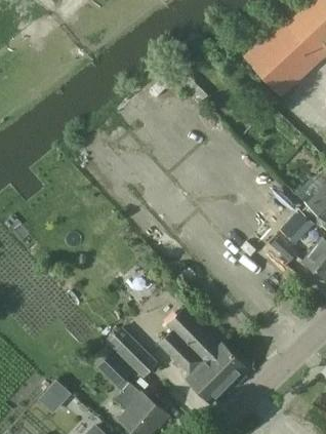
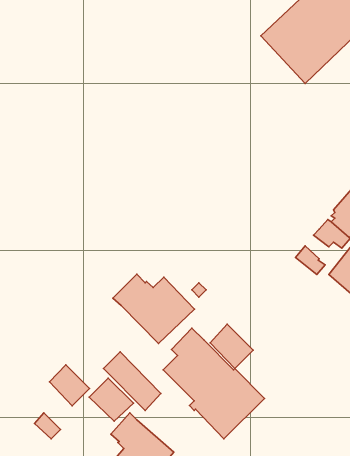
building: none -> [113,274,194,344]
building: none -> [210,324,253,369]
building: none -> [50,365,89,406]

